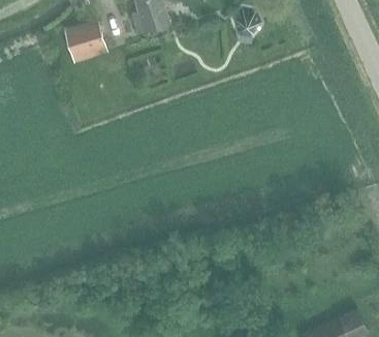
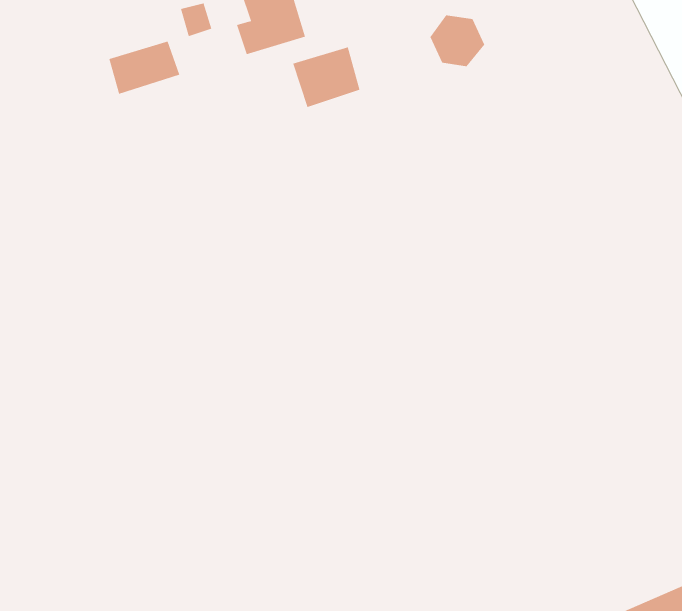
building: none -> [292,47,360,108]

